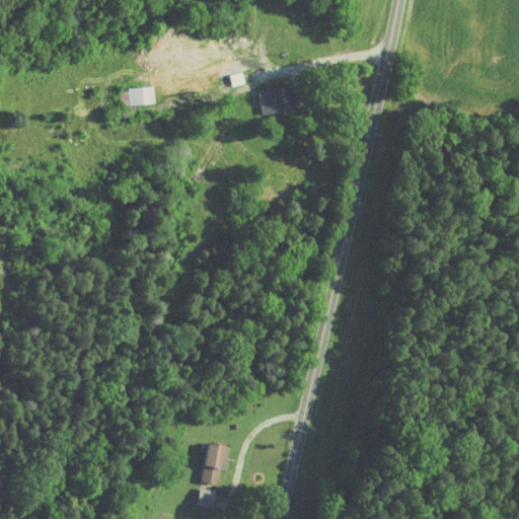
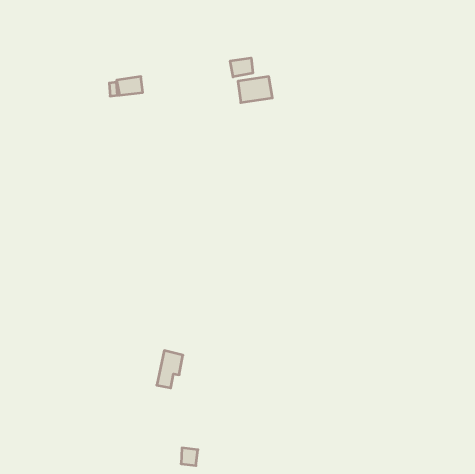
building: none -> [230,58,253,77]
building: [201,445,229,486] -> [157,351,183,388]

